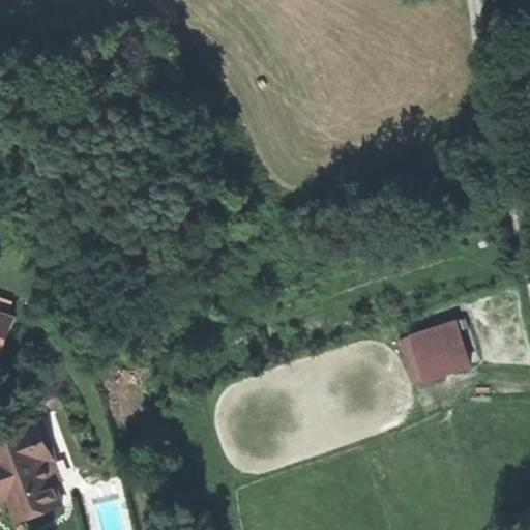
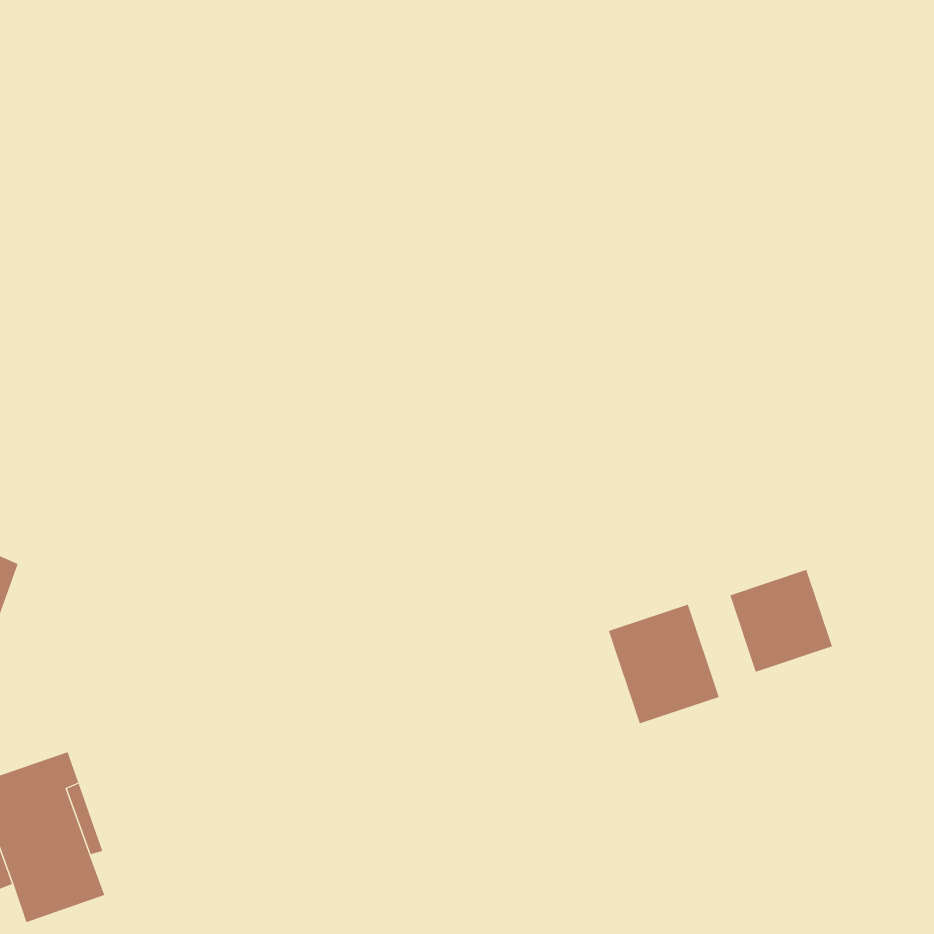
building: none -> [608,604,719,724]

